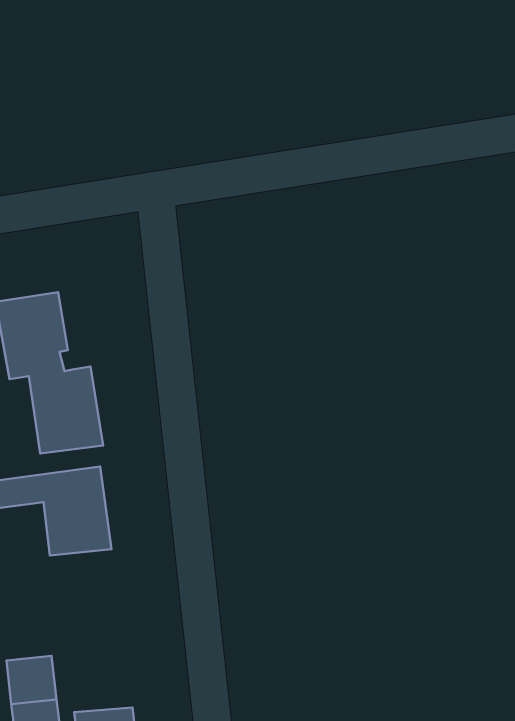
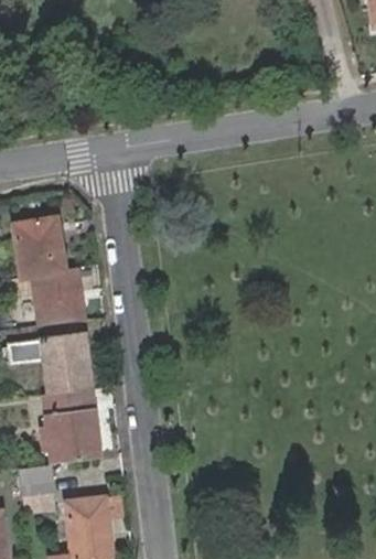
building: none -> [41,389,99,462]

